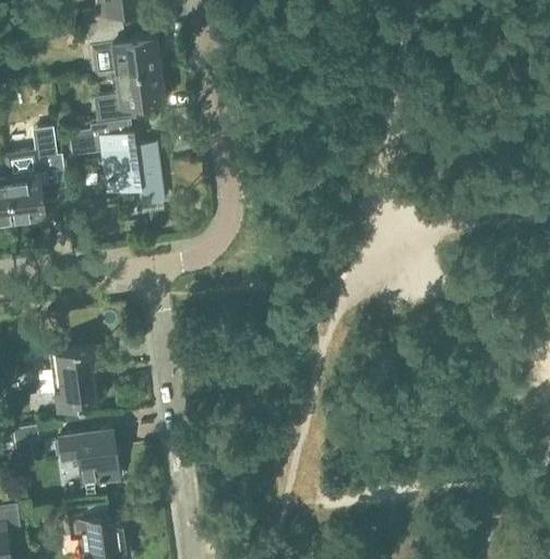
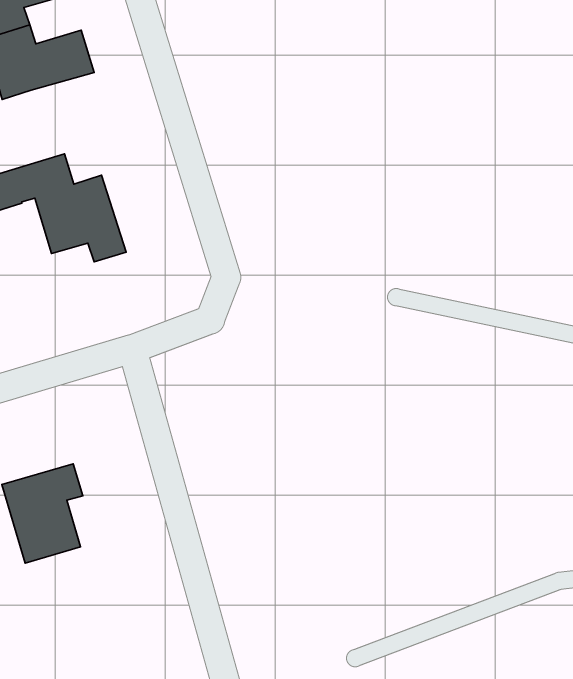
building: [96,69,168,124] -> none
building: [57,426,127,489] -> none

